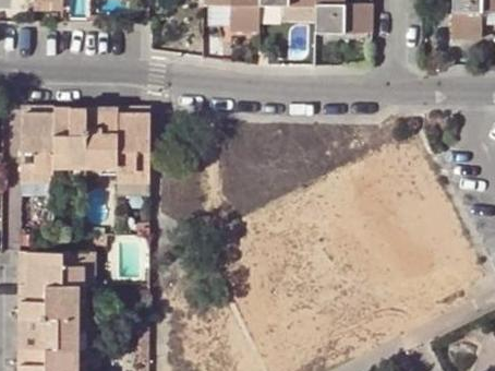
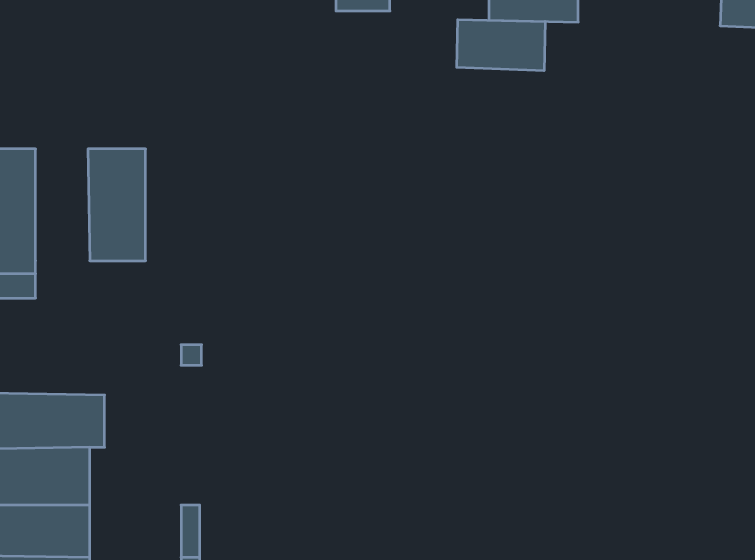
building: none -> [457,20,545,71]
building: [51,110,83,176] -> none
building: [116,110,149,184] -> none

